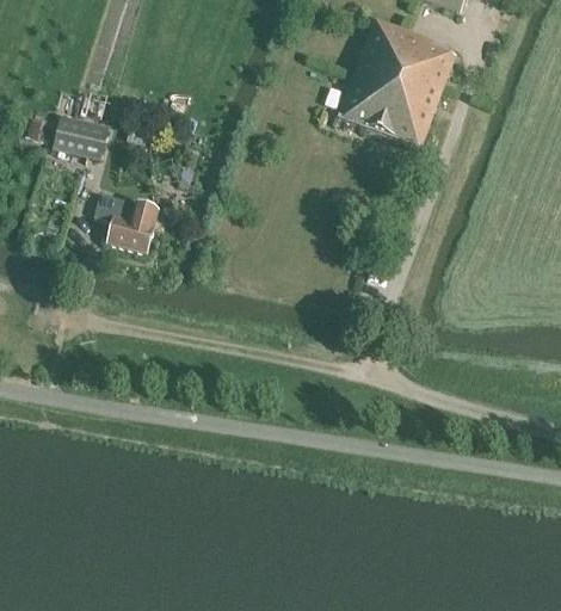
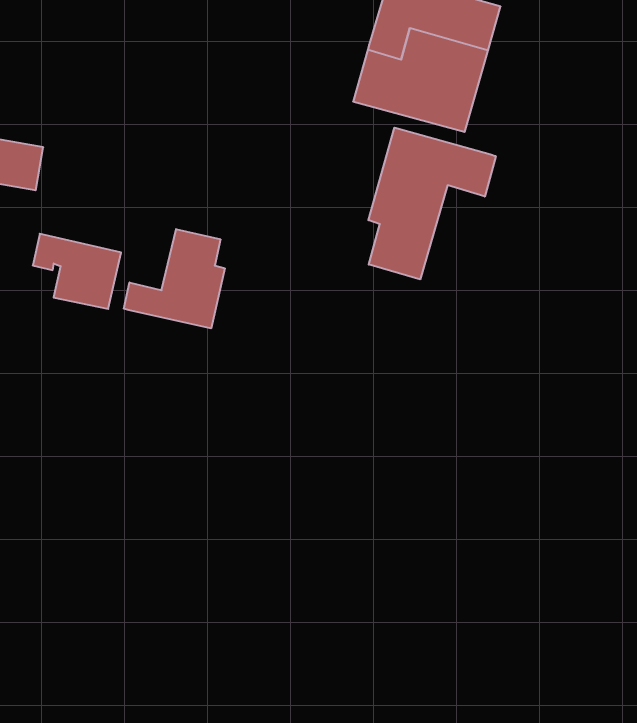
building: none -> [368,128,496,279]
building: none -> [124,229,225,328]

